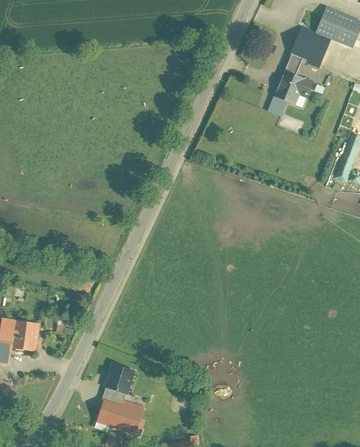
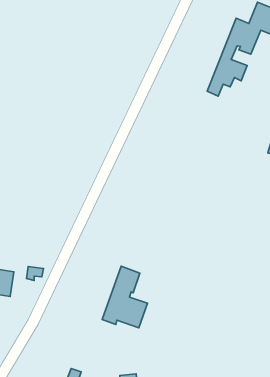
building: [92,363,145,435] -> [102,266,148,328]

